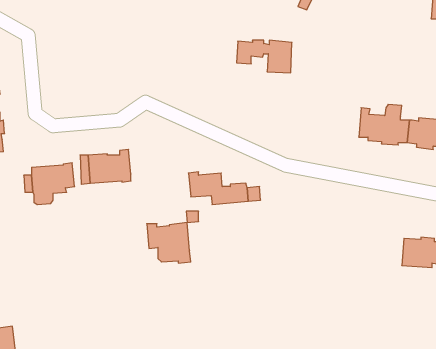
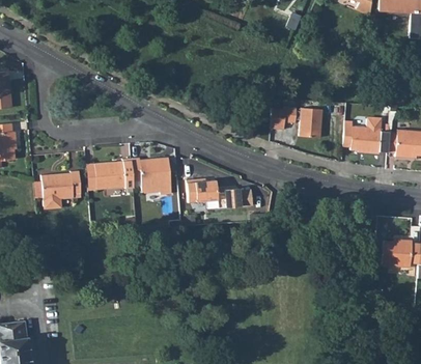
building: [237,40,292,73] -> [272,108,322,138]
building: [147,223,191,263] -> [132,158,172,195]

